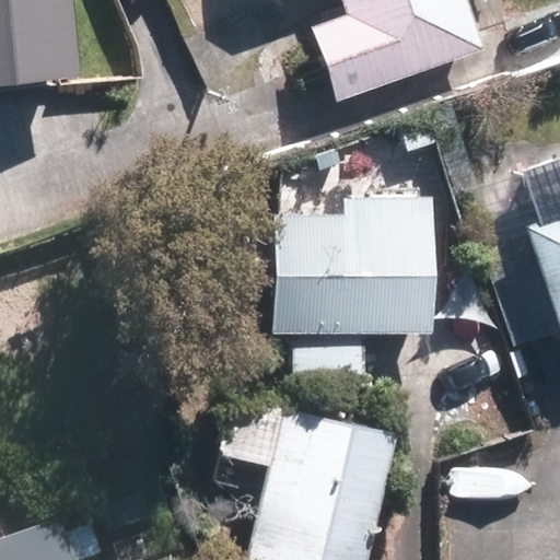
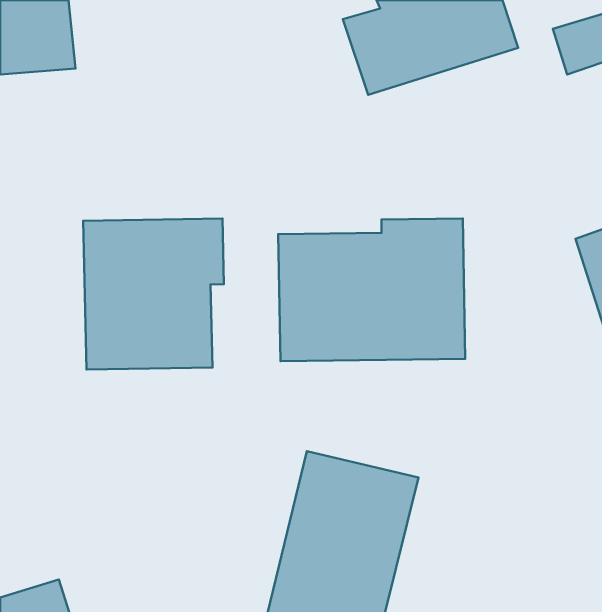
building: none -> [83,219,224,369]

